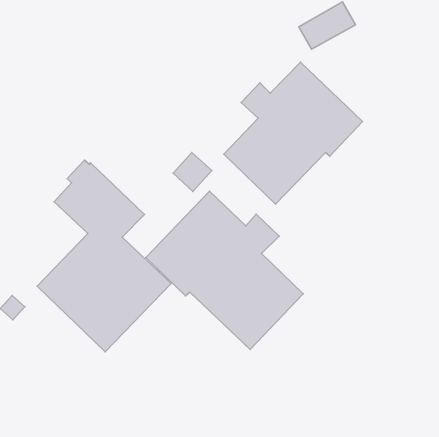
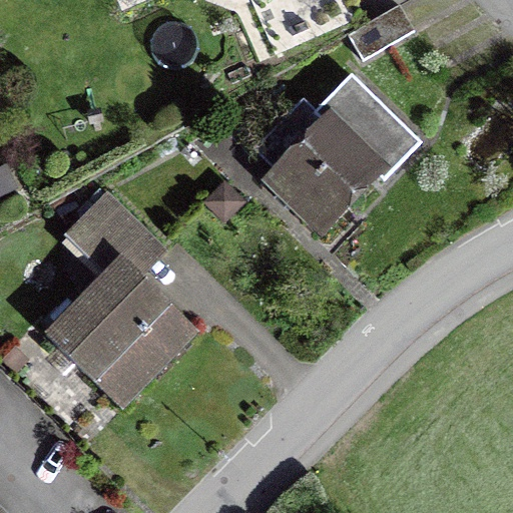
building: [146,191,303,349] -> none

